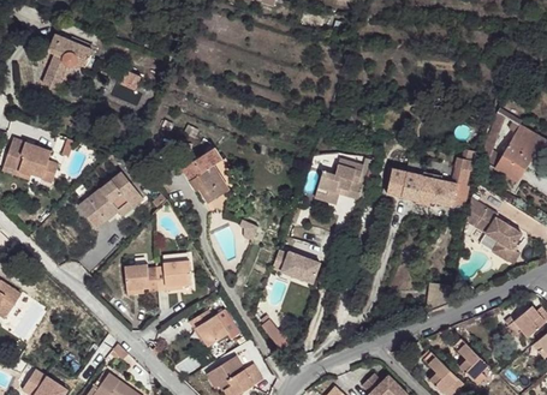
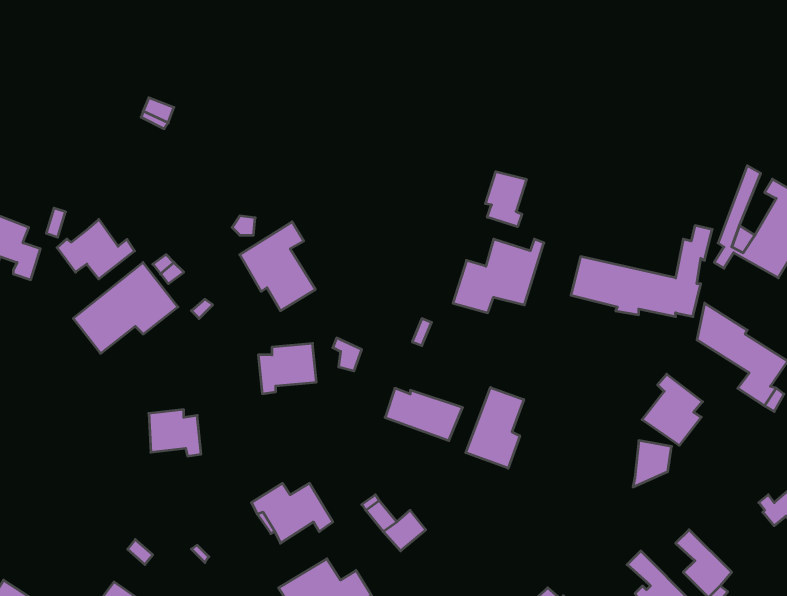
building: [42,32,93,89] -> none
building: none -> [485,172,526,227]
building: none -> [57,219,135,279]
building: none -> [642,374,703,445]
building: none -> [466,387,524,468]
building: [155,259,191,291] -> [258,343,316,394]

